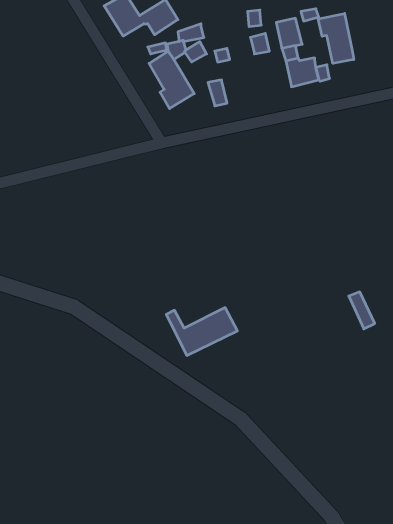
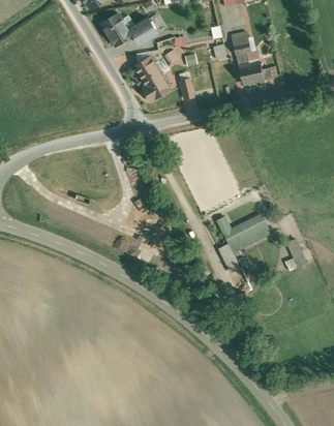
building: [318,13,354,63] -> none
building: [166,308,237,355] -> [218,215,272,251]

